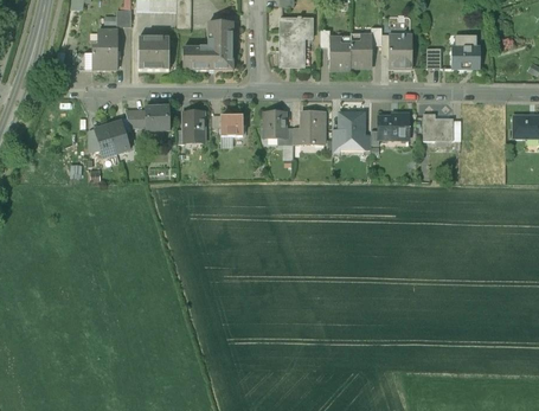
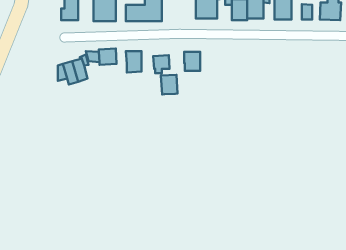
building: [300,113,325,142] -> none
building: [339,113,364,146] -> none
building: [378,114,408,139] -> none
building: [423,114,453,141] -> none
building: none -> [161,75,178,94]

